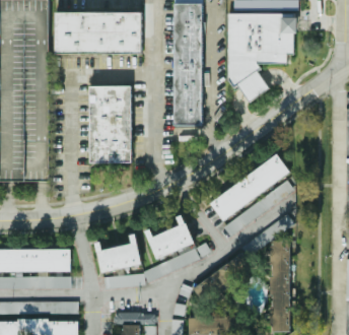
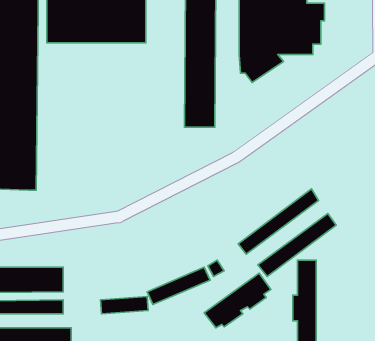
building: [236,72,269,103] -> none
building: [89,86,131,162] -> none
building: [208,152,288,219] -> none
building: [146,213,195,257] -> none
building: [95,232,141,271] -> none

